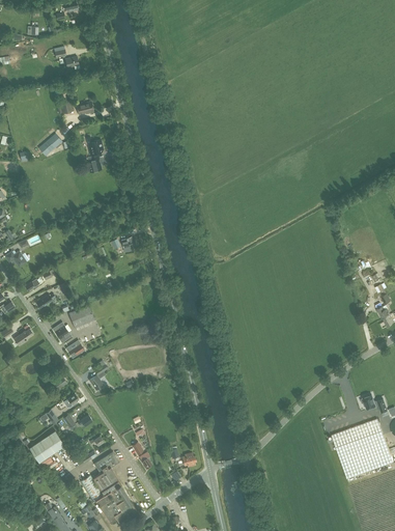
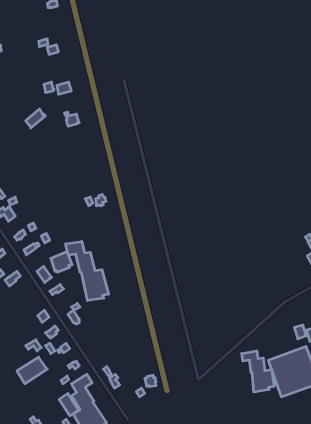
building: none -> [66,241,109,301]
building: none -> [242,351,274,392]

